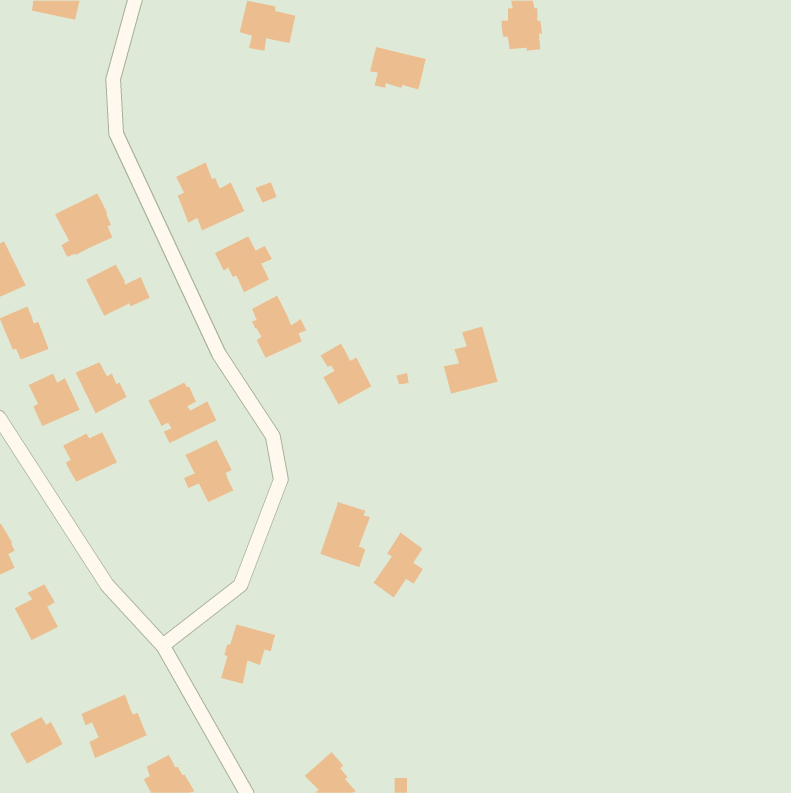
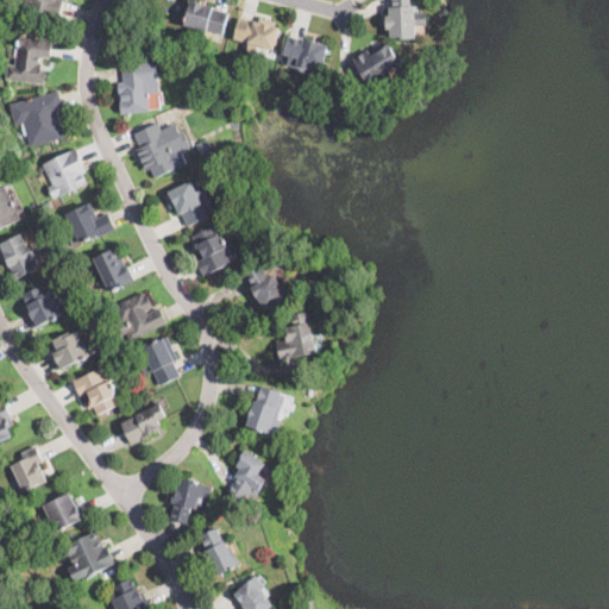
building: none -> [233,18,278,55]
building: none -> [6,37,51,84]
building: none -> [352,43,402,83]
building: none -> [118,59,159,113]
building: none -> [8,90,64,146]
building: [443,326,499,394] -> [275,310,318,363]
building: [75,361,128,414] -> [93,250,133,290]
building: none -> [73,365,119,414]
building: none -> [119,403,165,444]
building: [372,532,424,598] -> [225,451,264,502]
building: none -> [200,528,239,576]
building: [9,716,64,764] -> [43,494,84,530]

